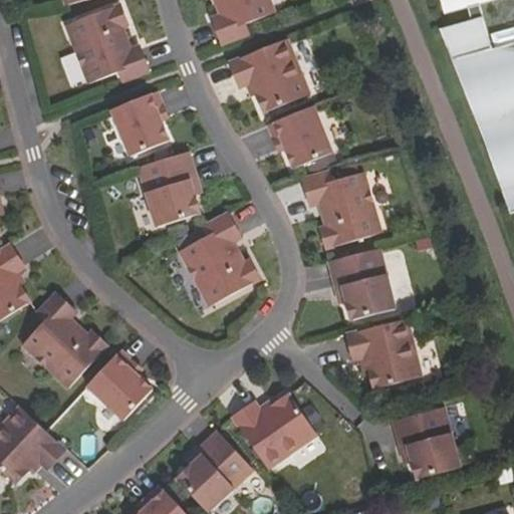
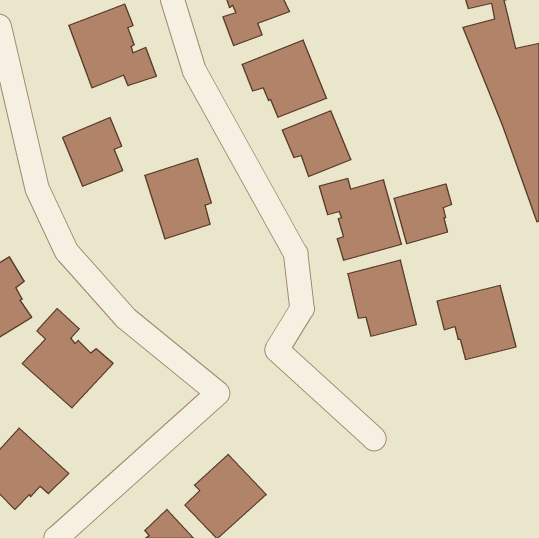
building: [111,91,169,157] -> [63,118,123,186]
building: none -> [394,184,451,244]
building: [187,208,267,302] -> none
building: [347,318,423,389] -> [437,285,516,359]
building: [87,351,153,422] -> none
building: [233,394,316,468] -> none
building: [392,407,459,479] -> none

